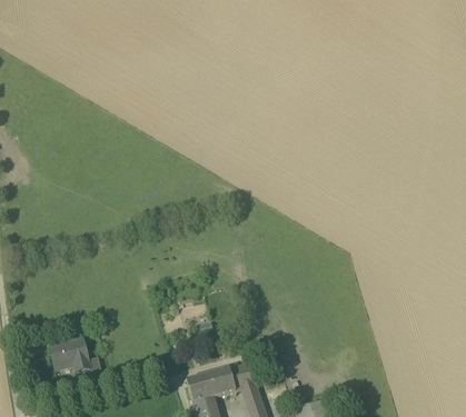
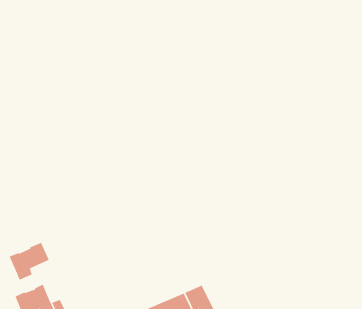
building: none -> [8,242,50,280]

